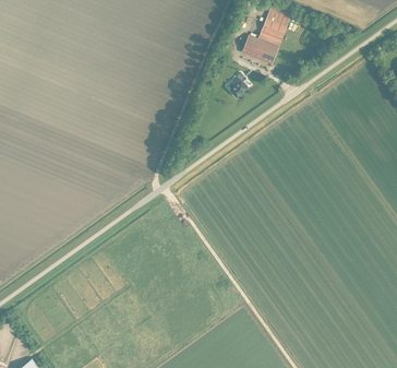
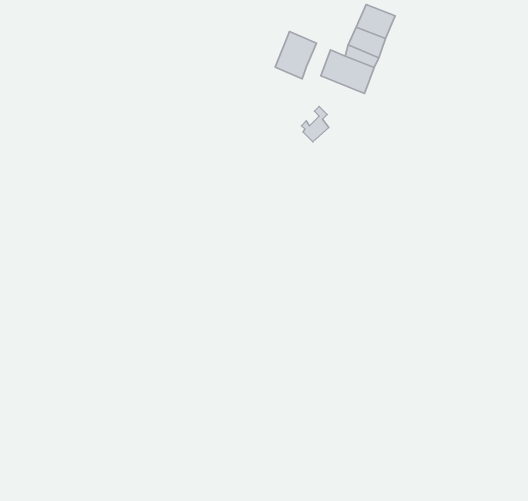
building: none -> [275,32,317,79]

